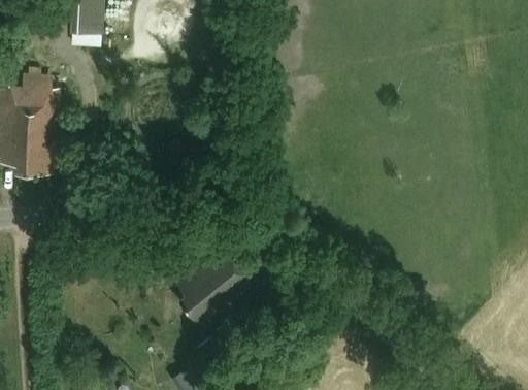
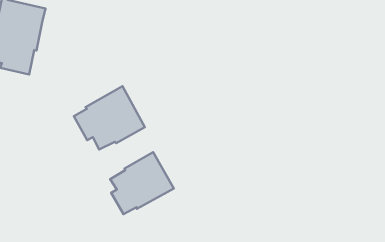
building: none -> [74,86,145,150]

